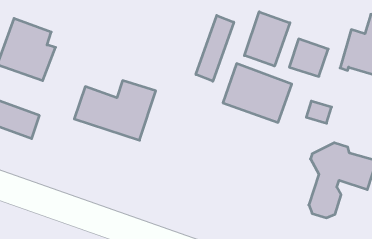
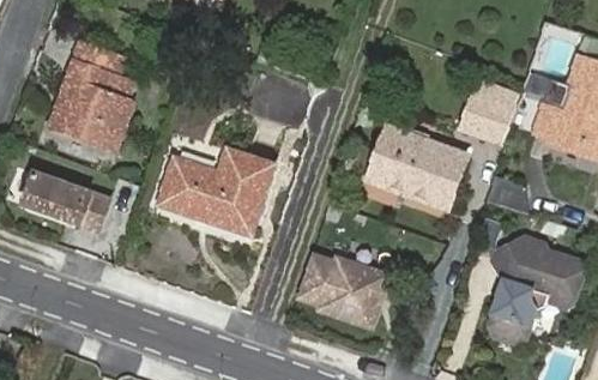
building: [244,12,290,66] -> none
building: [196,15,234,81] -> none
building: none -> [295,252,393,333]

